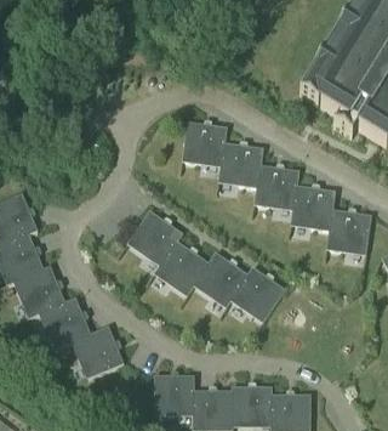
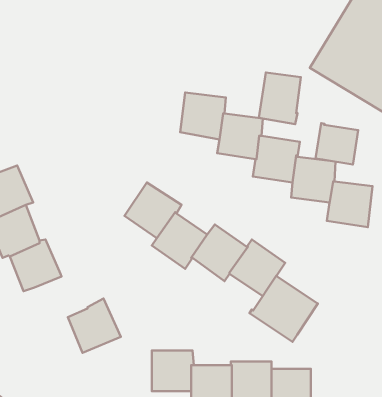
building: none -> [259,72,301,124]
building: none -> [316,123,358,164]
building: [39,297,91,350] -> none
building: none -> [250,276,318,342]

